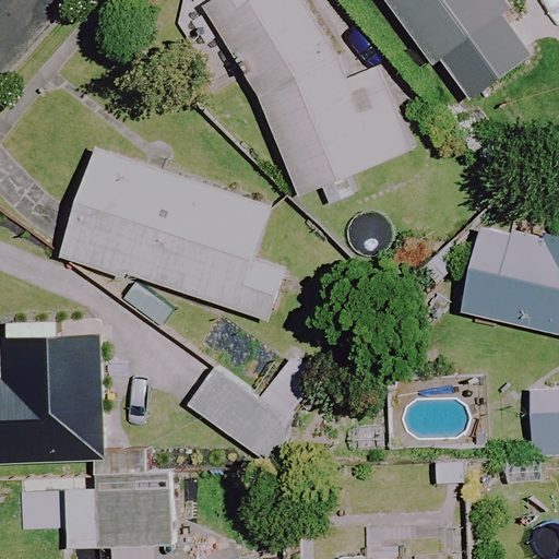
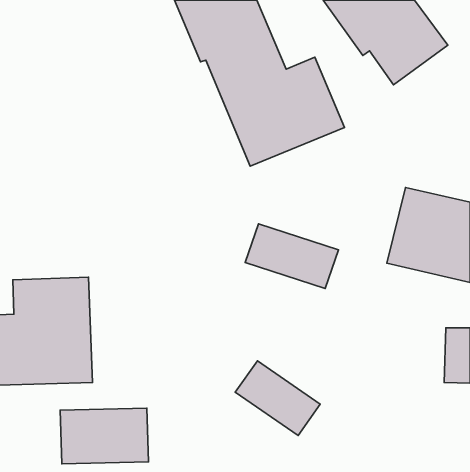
building: [62,142,292,314] -> none
building: none -> [245,224,338,289]
building: [192,366,293,454] -> [235,361,320,436]

